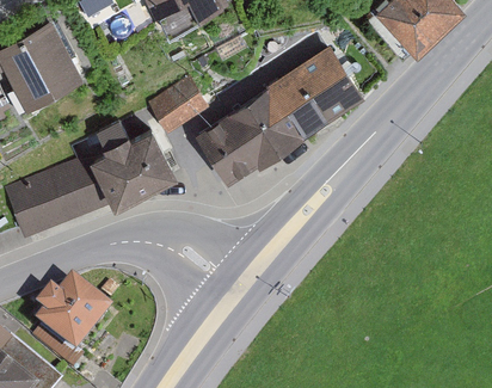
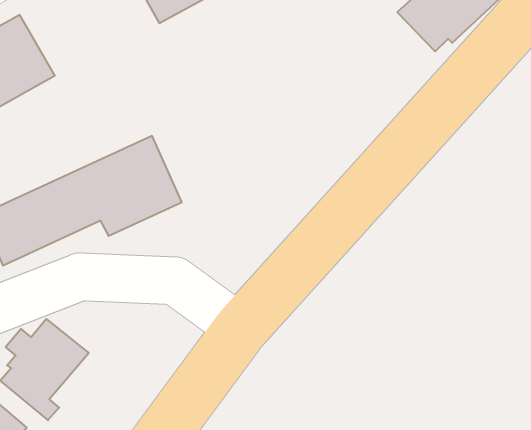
building: [196,49,353,178] -> none
building: [146,69,207,125] -> none

